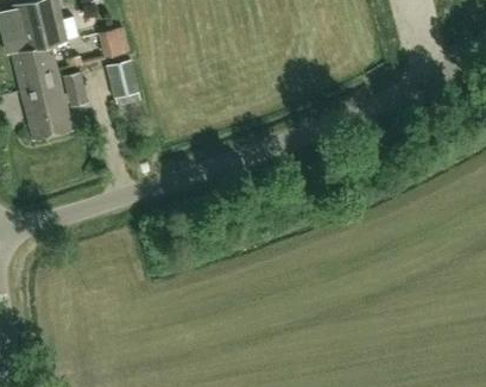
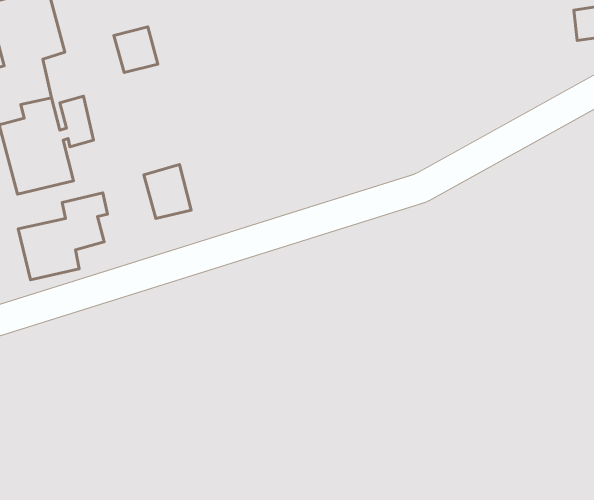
building: [105,60,138,98] -> [144,165,191,219]
building: none -> [18,193,108,280]

